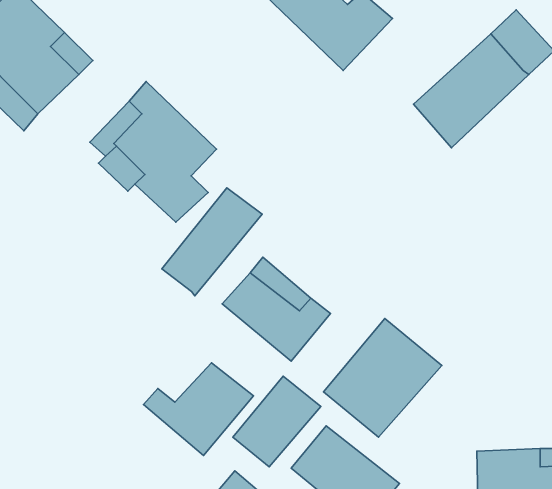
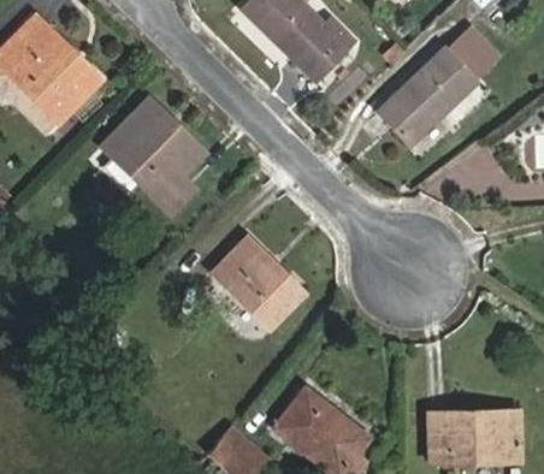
building: [162,188,262,296] -> none
building: [324,319,442,437] -> none
building: [143,363,253,455] -> none
building: [233,376,321,467] -> none

